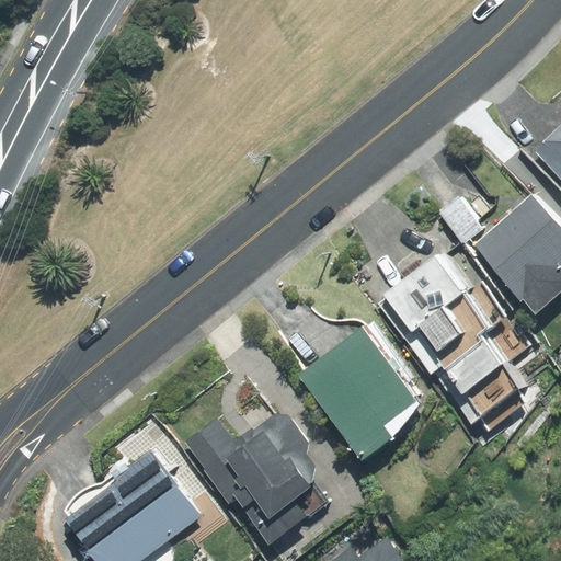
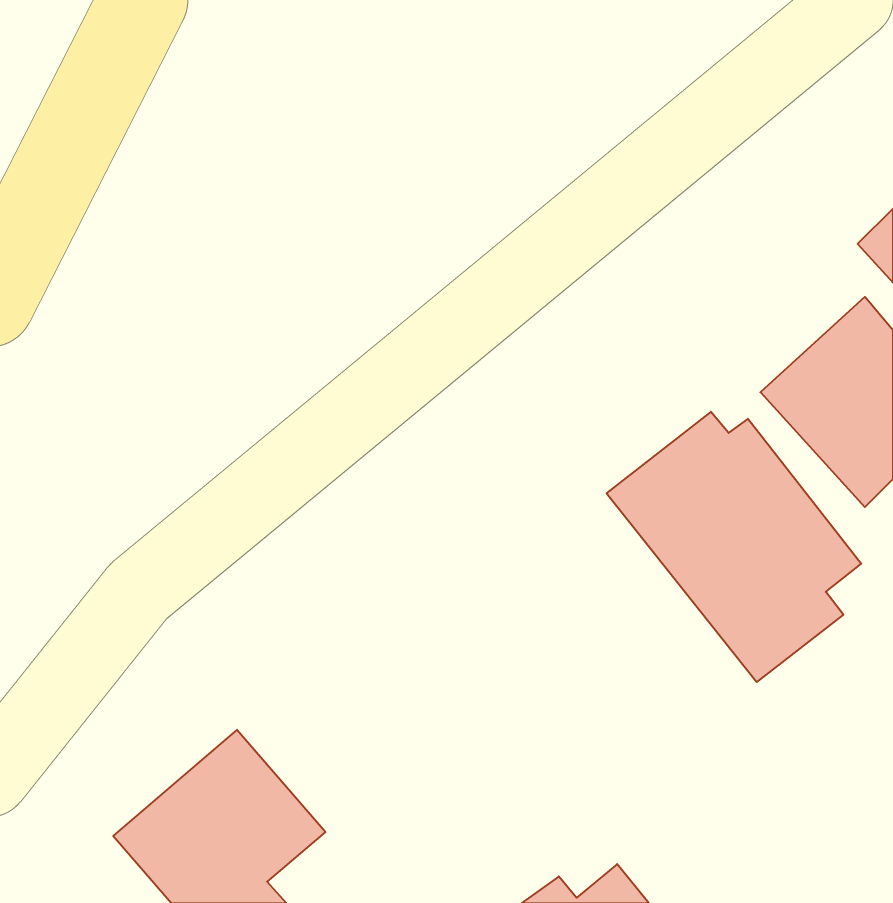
building: [299,327,426,459] -> none
building: [181,413,329,542] -> none

